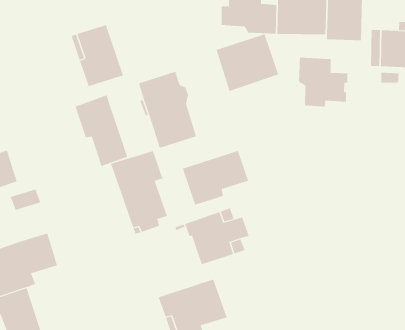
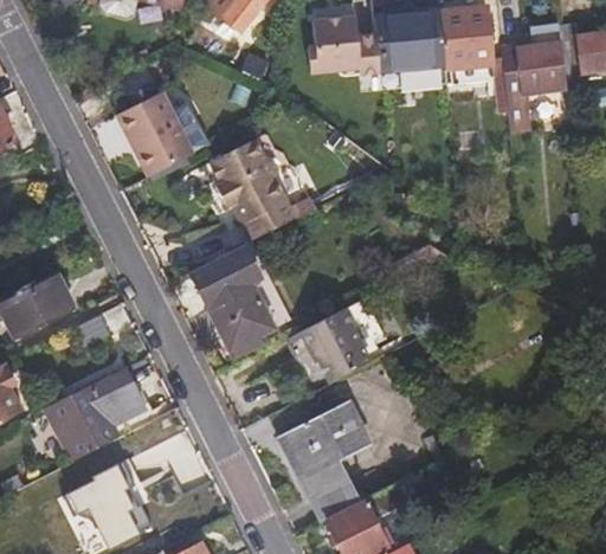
building: [216,34,279,92] -> none
building: [299,57,348,107] -> none
building: [75,95,128,167] -> none
building: [182,150,249,205] -> none

